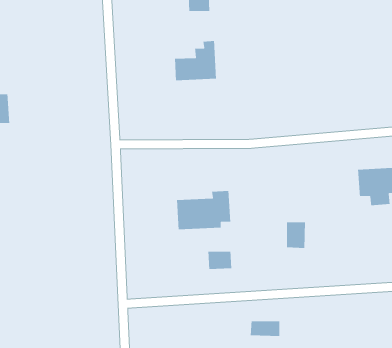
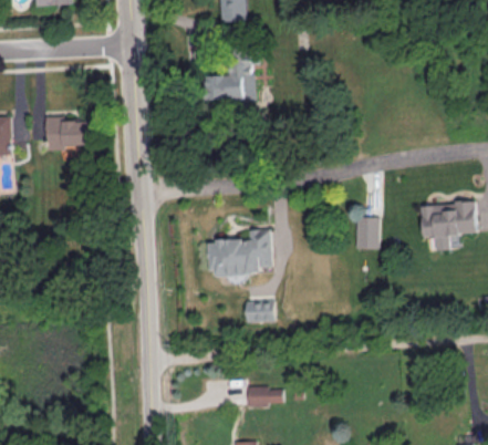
building: none -> [46,115,92,148]
building: [286,221,306,249] -> [354,217,377,249]
building: [250,321,280,337] -> [246,386,281,405]

